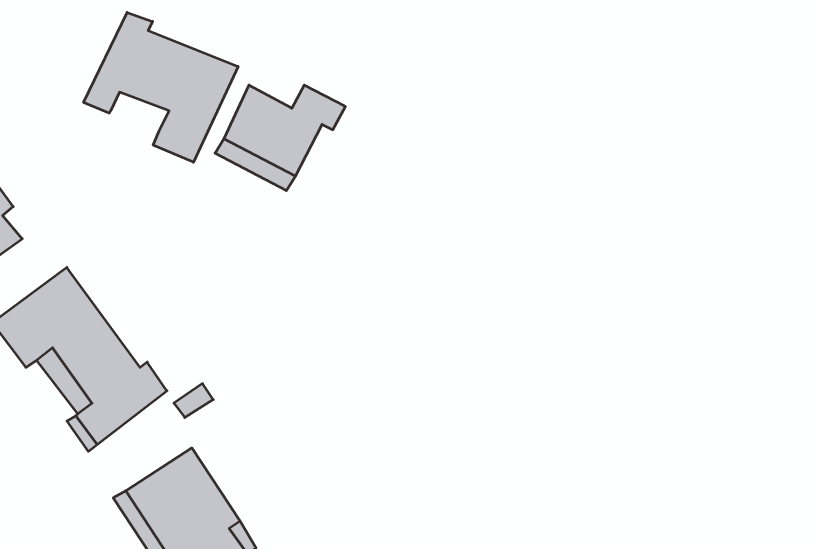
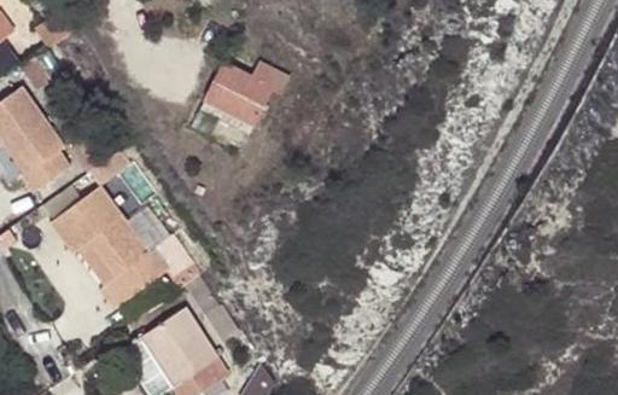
building: [84,12,238,162] -> none

